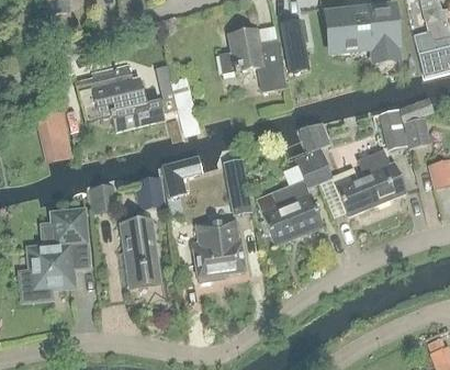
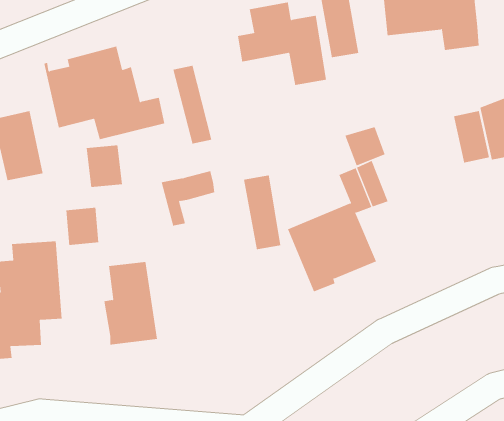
building: [335,148,407,215] -> none
building: [136,176,164,208] -> [86,145,123,187]
building: [193,221,245,282] -> none

